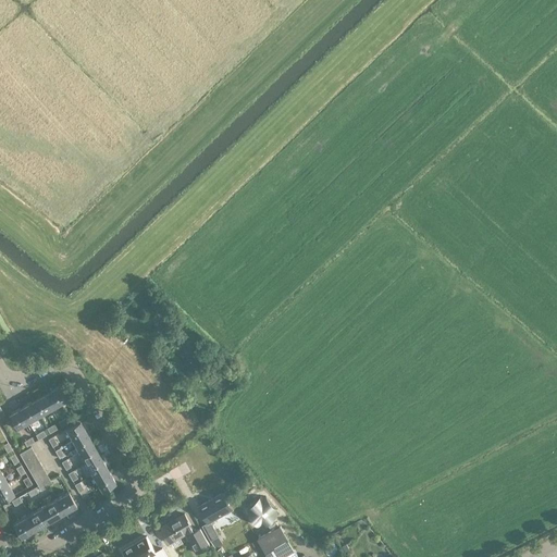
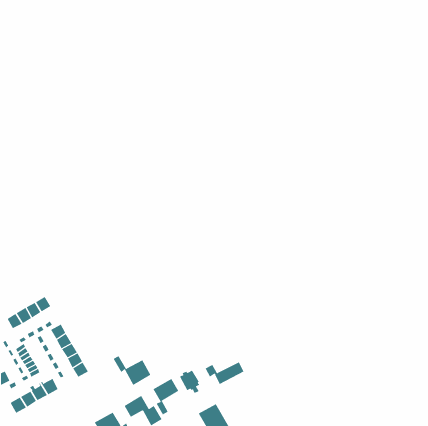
building: none -> [113,355,151,386]
building: none -> [205,361,244,385]

